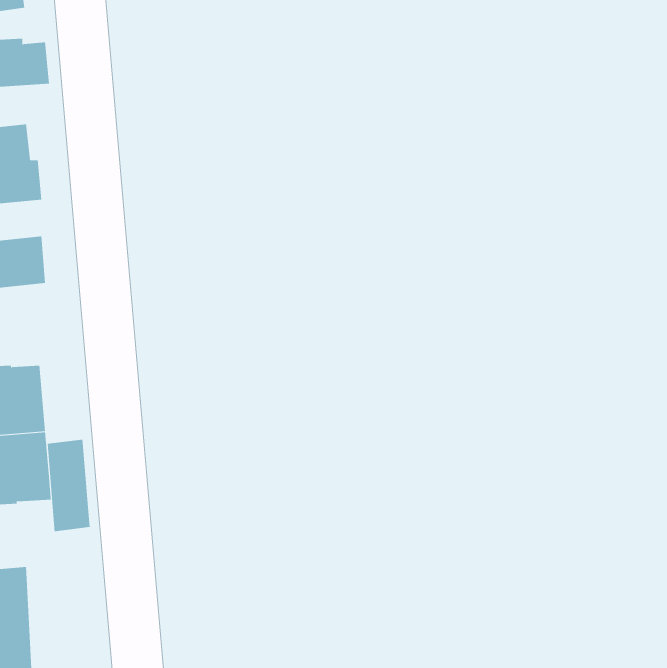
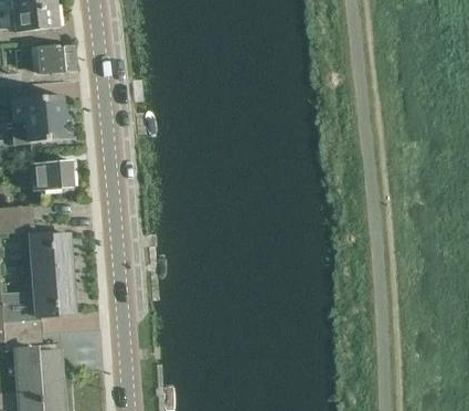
building: [47,439,90,532] -> none

